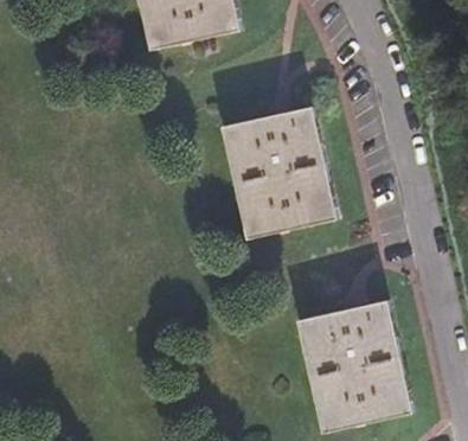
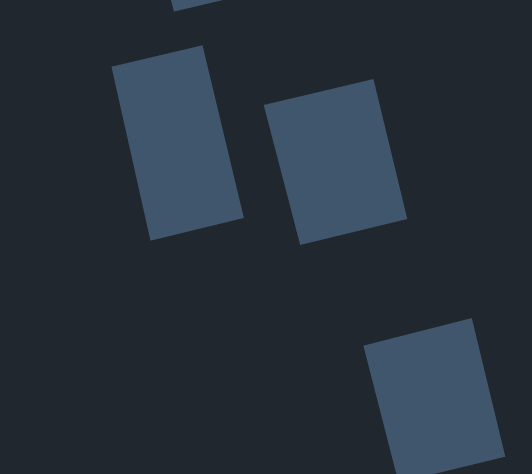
building: none -> [111,45,245,242]

